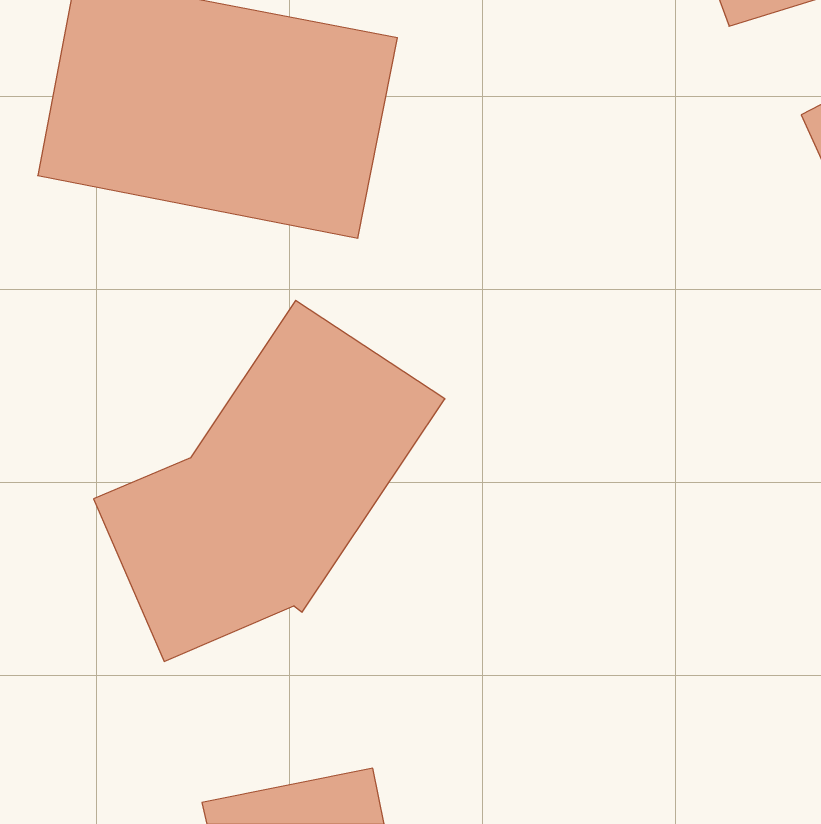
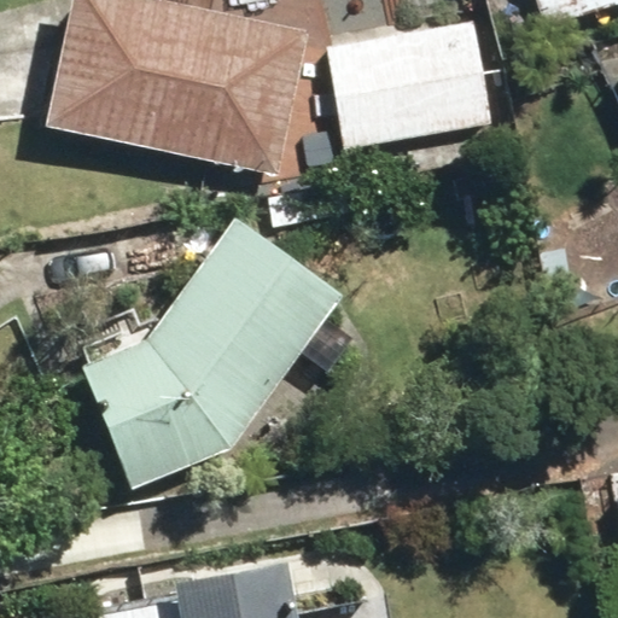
building: none -> [332,12,506,145]

